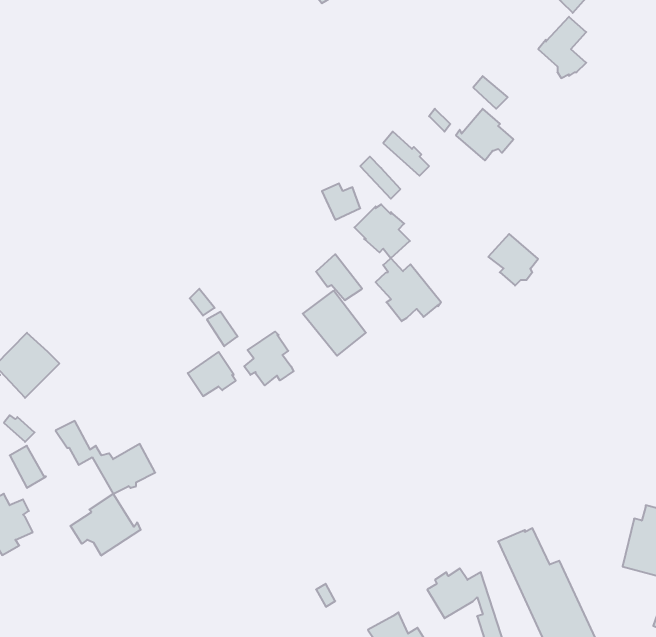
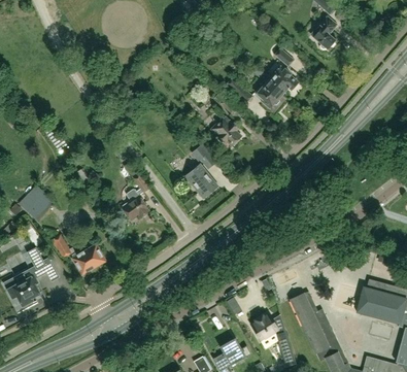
building: [488,234,538,286] -> [255,80,281,108]
building: [376,258,441,321] -> none
building: [244,332,294,385] -> none
building: [70,494,141,556] -> none

